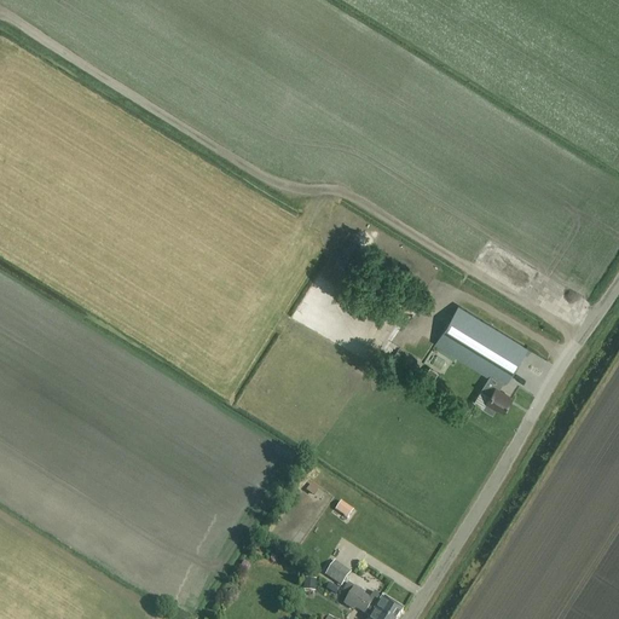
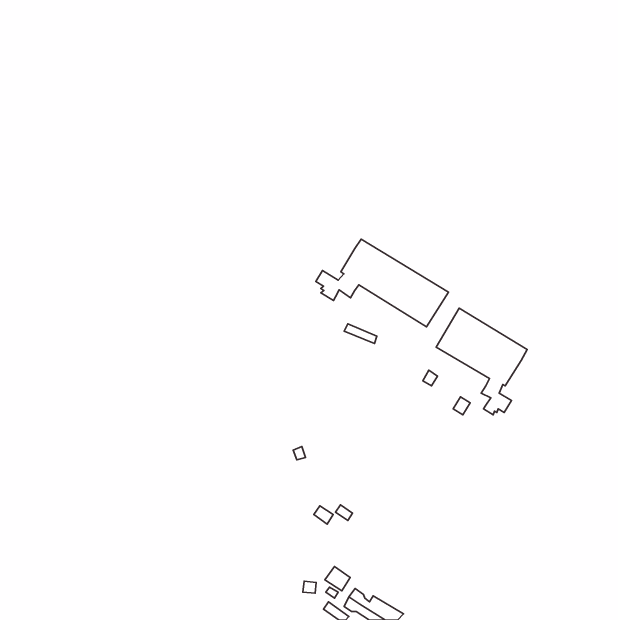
building: none -> [316,239,448,327]

